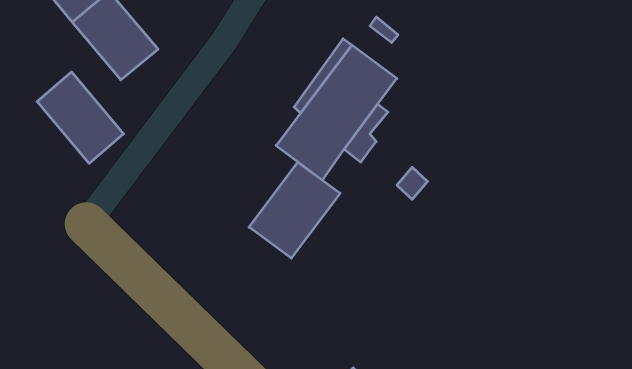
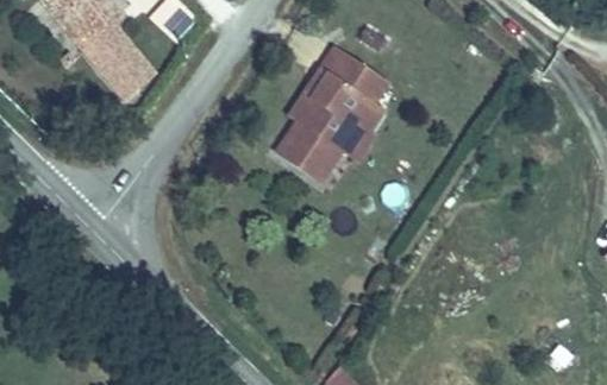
building: [37,72,124,163] -> none
building: [249,162,340,258] -> none

